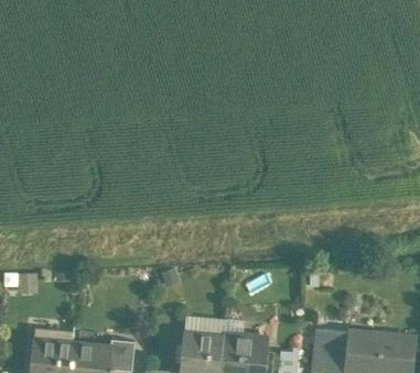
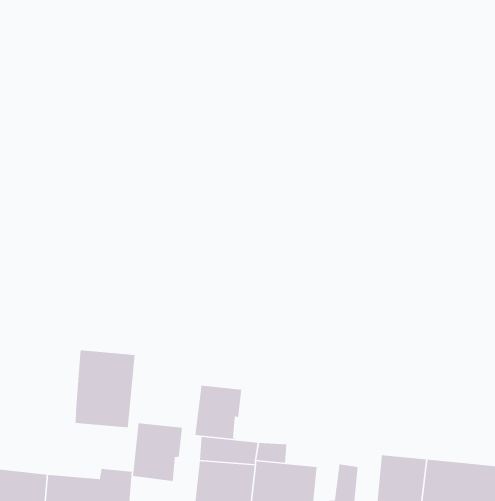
building: none -> [75,350,136,428]
building: none -> [194,385,242,440]
building: none -> [132,422,183,482]

